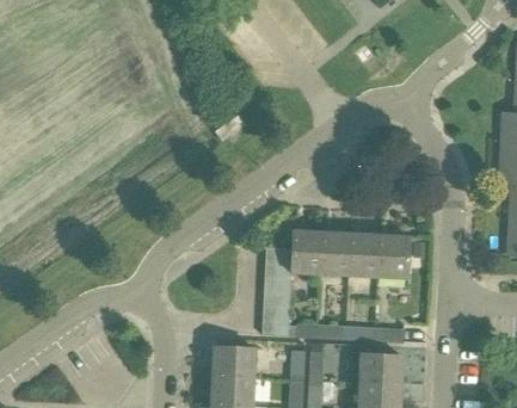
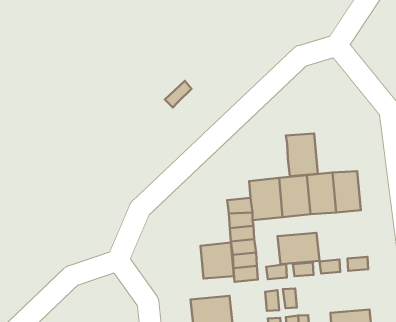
building: none -> [286,133,318,176]
building: none -> [201,242,234,279]
building: [358,352,401,384] -> [278,233,320,264]

